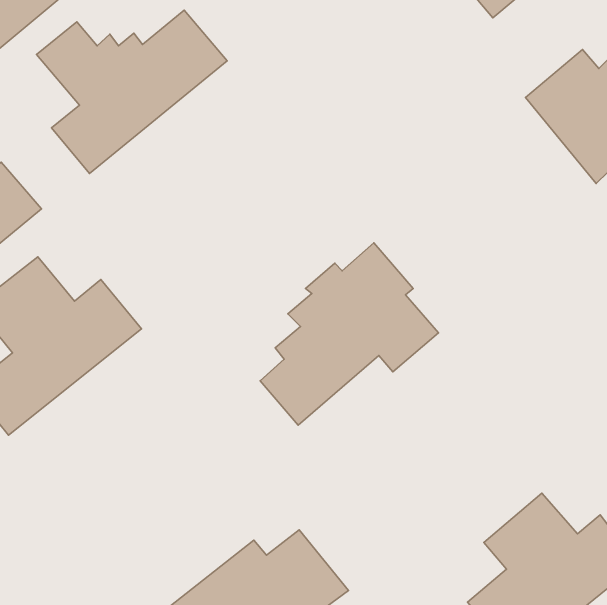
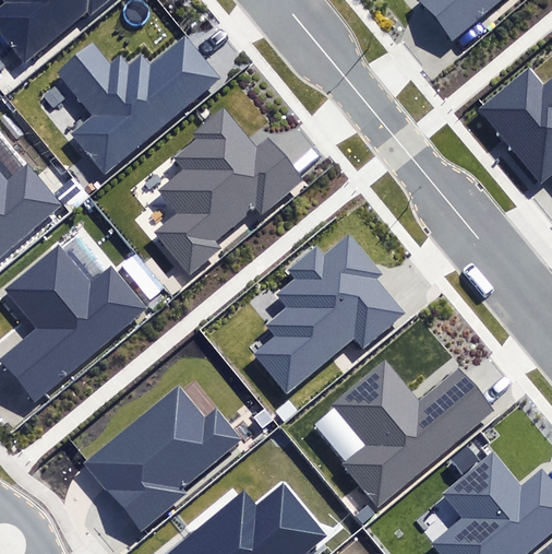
building: none -> [154,109,301,276]
building: none -> [332,362,492,505]
building: none -> [85,387,242,531]

